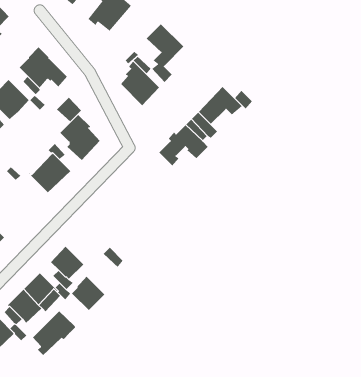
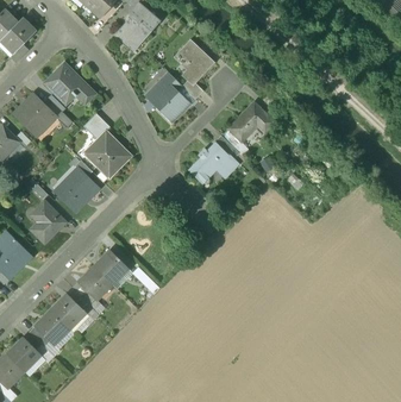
building: none -> [31,200,65,243]
building: [71,276,105,311] -> [94,249,129,284]
building: [32,310,76,356] -> none

